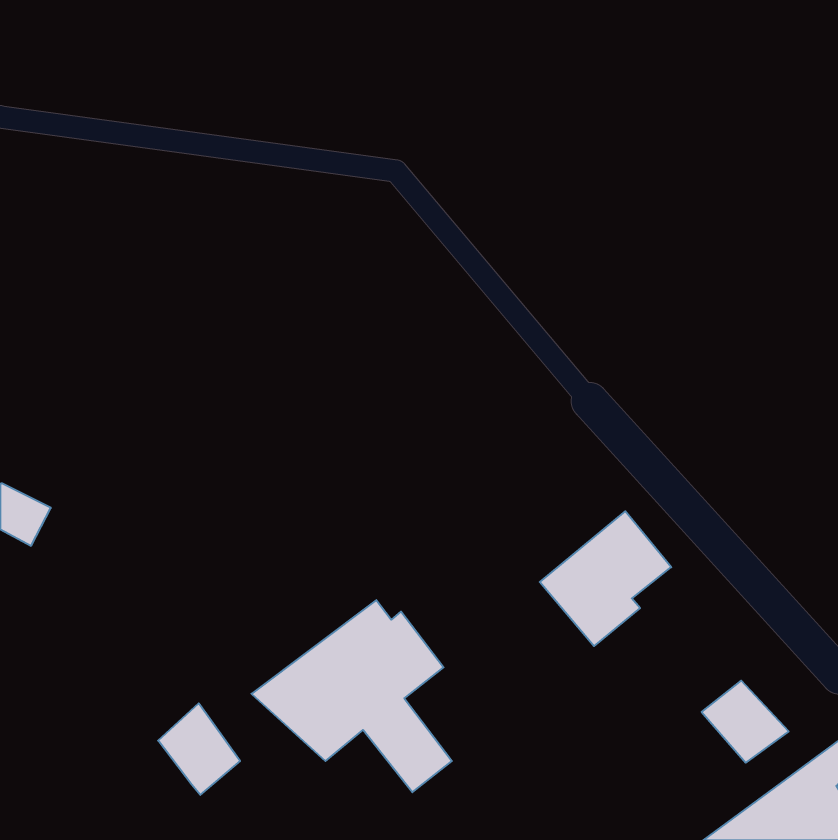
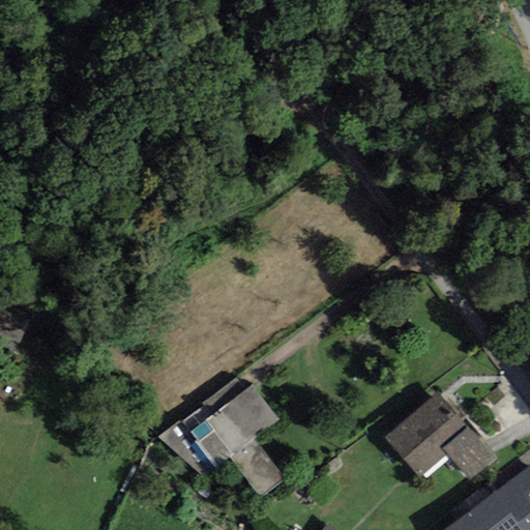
building: [540,511,671,646] -> [385,393,468,478]
building: [158,703,240,795] -> none

